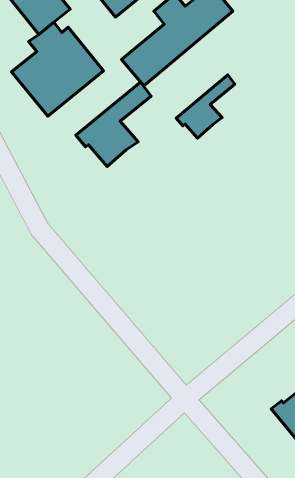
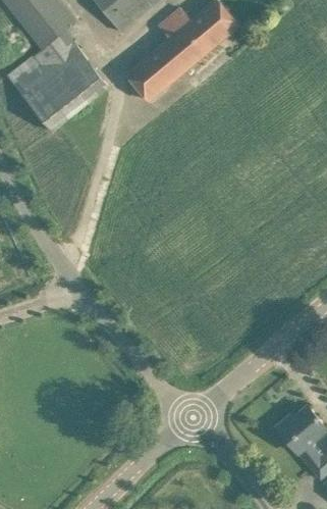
building: [176,75,235,138] -> none
building: [76,82,151,167] -> none

